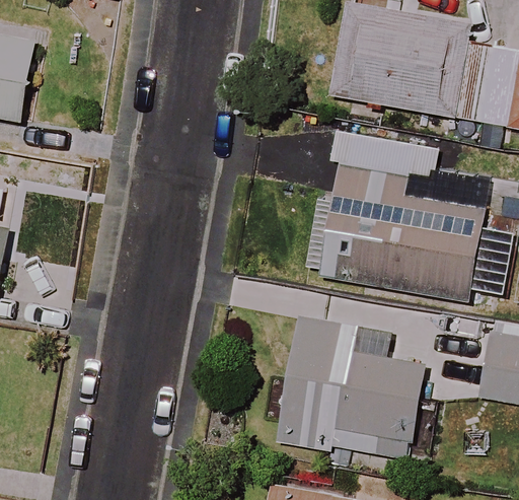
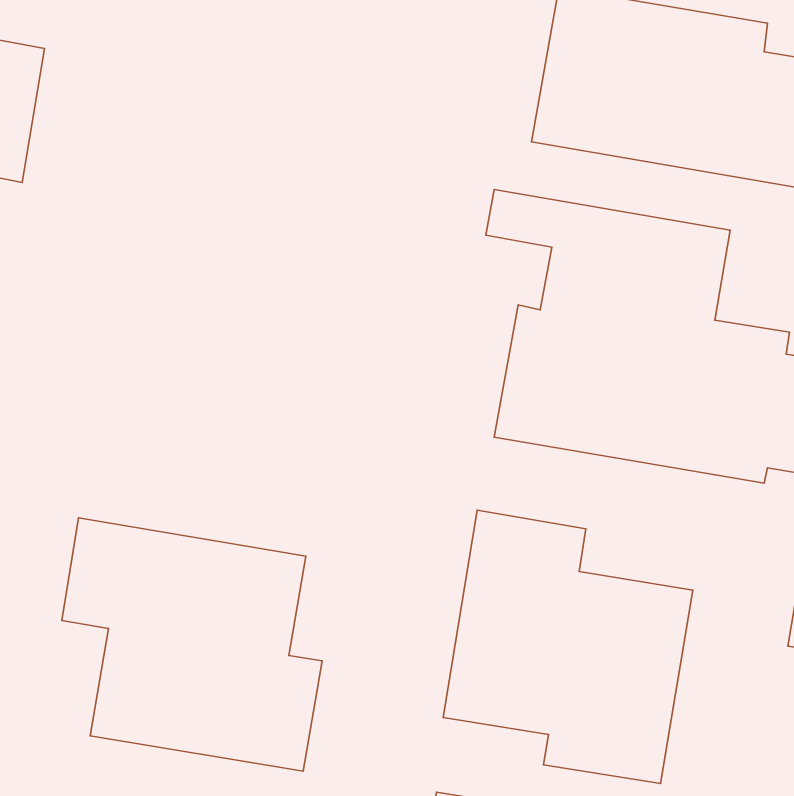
building: none -> [62,518,322,771]

